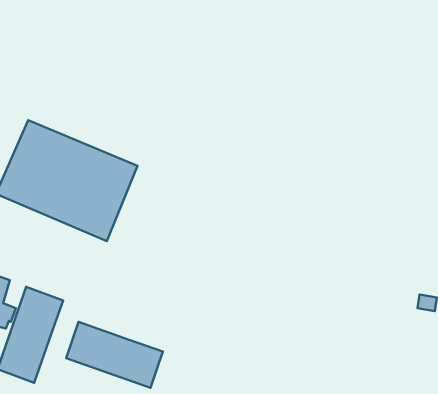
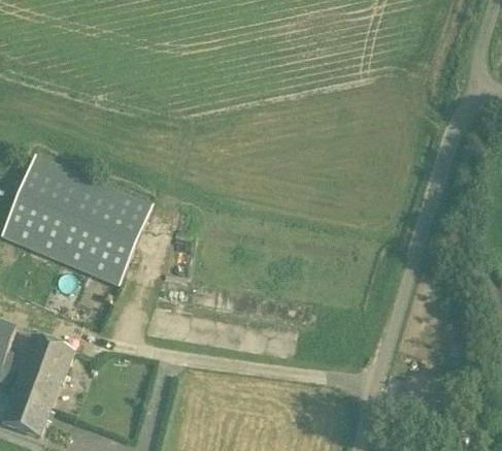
building: [66,322,163,388] -> none

